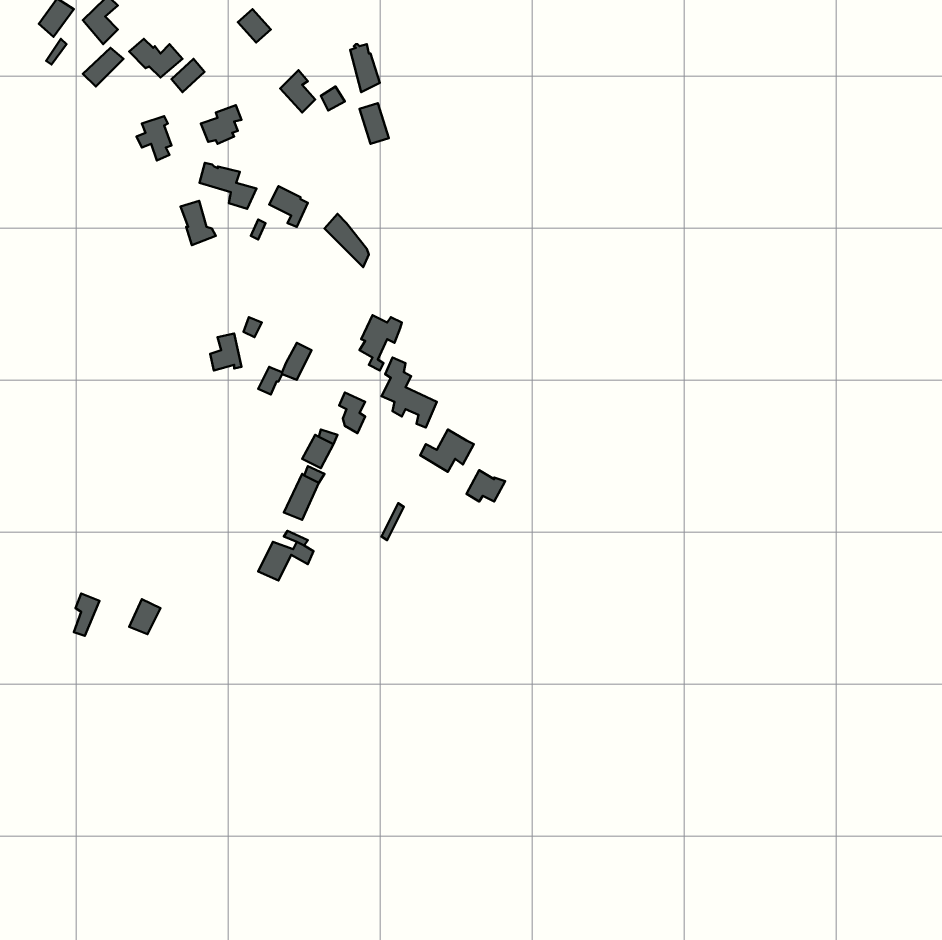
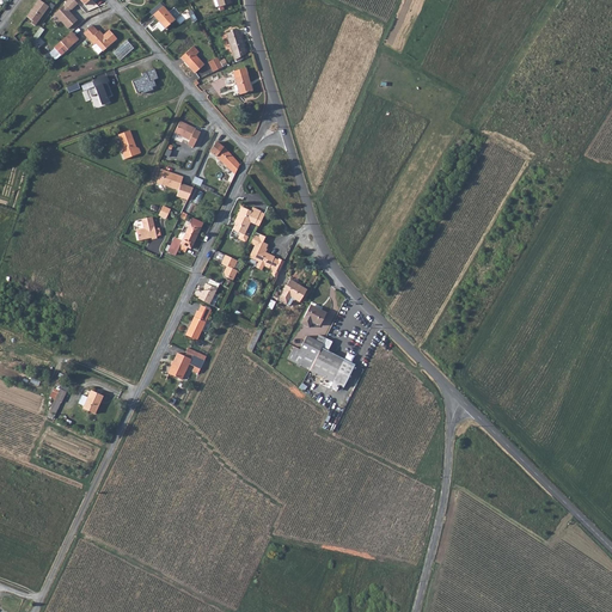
building: [199,163,257,209] -> [155,170,192,200]
building: none -> [288,333,354,387]

